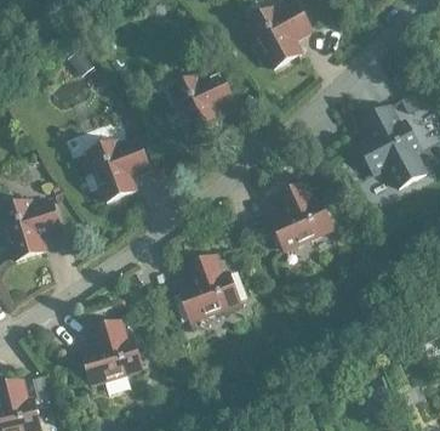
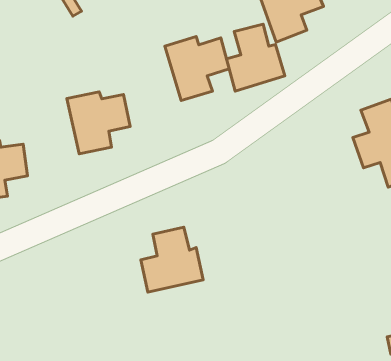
building: none -> [227,24,285,91]
building: [270,182,332,249] -> none
building: [81,319,142,384] -> none

